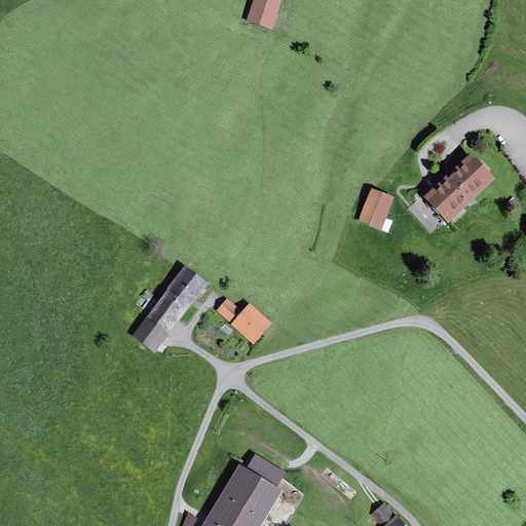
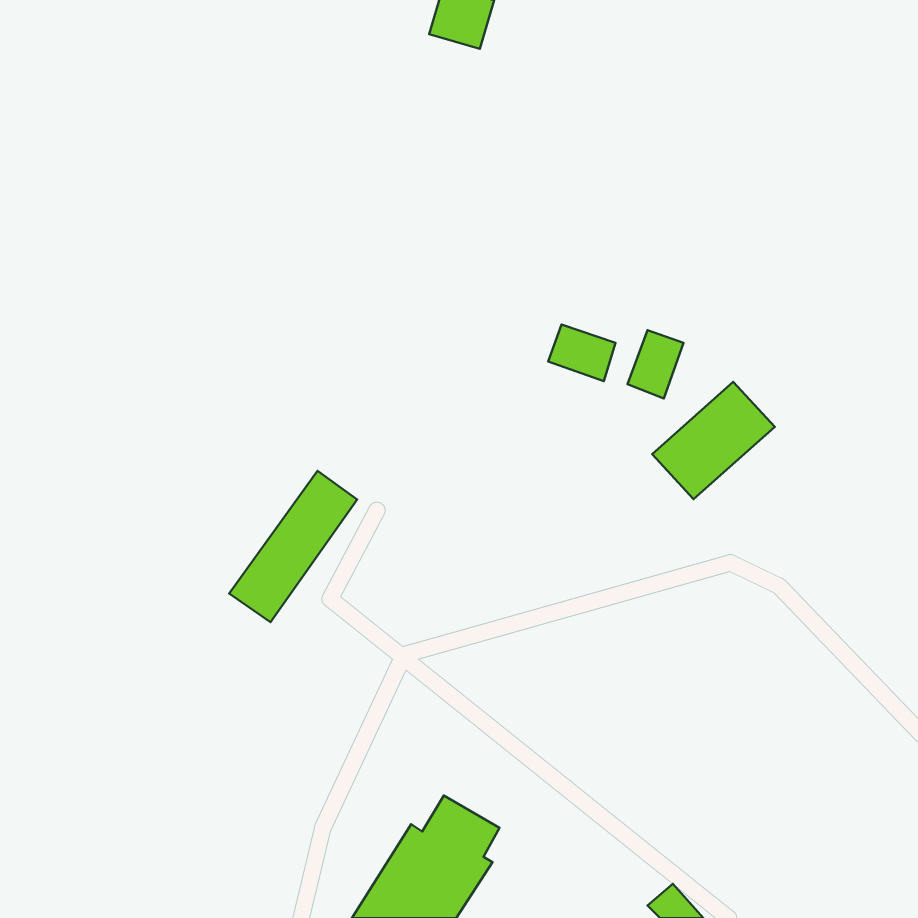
building: [422,153,492,220] -> [652,382,775,499]
building: none -> [548,324,616,381]
building: [217,300,272,347] -> none

